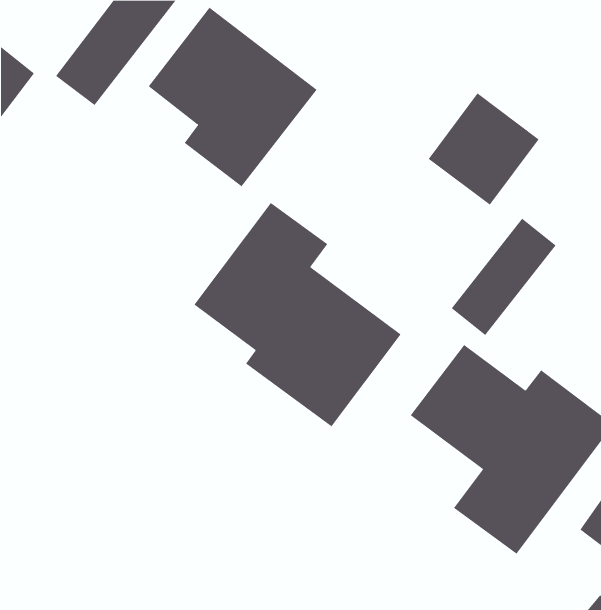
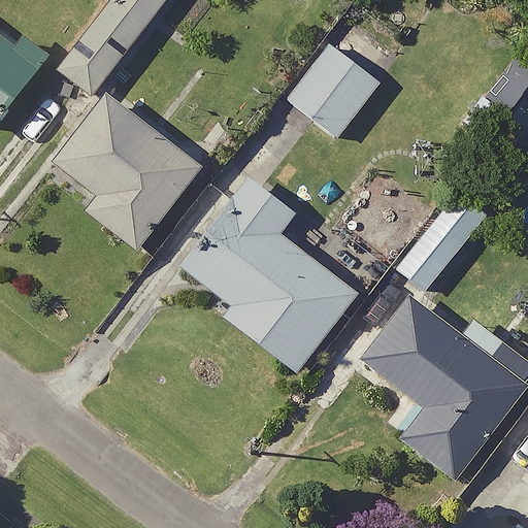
building: [148,7,317,187] -> [55,93,200,248]
building: [428,93,540,206] -> [287,42,383,139]

